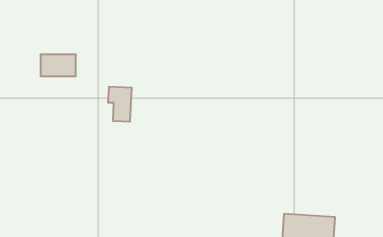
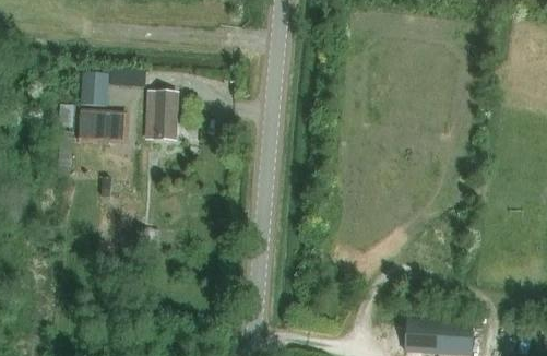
building: none -> [80,71,108,105]
building: [108,87,132,122] -> [145,92,177,138]

